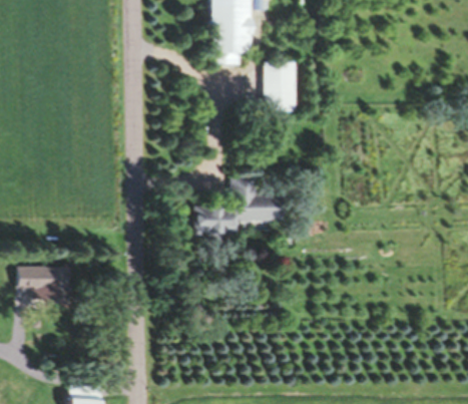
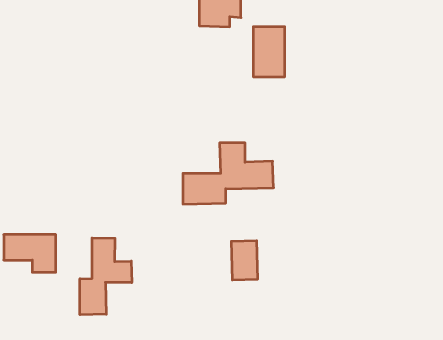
building: none -> [80,238,132,315]
building: none -> [231,241,257,280]

